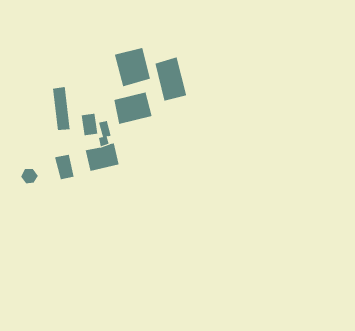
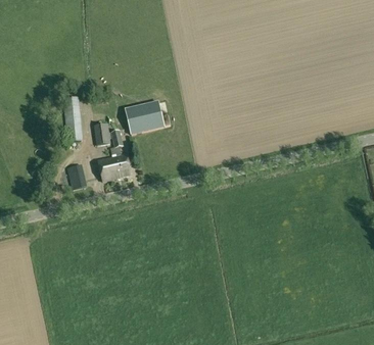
building: [114,47,150,87] -> none
building: [155,57,187,101] -> none

